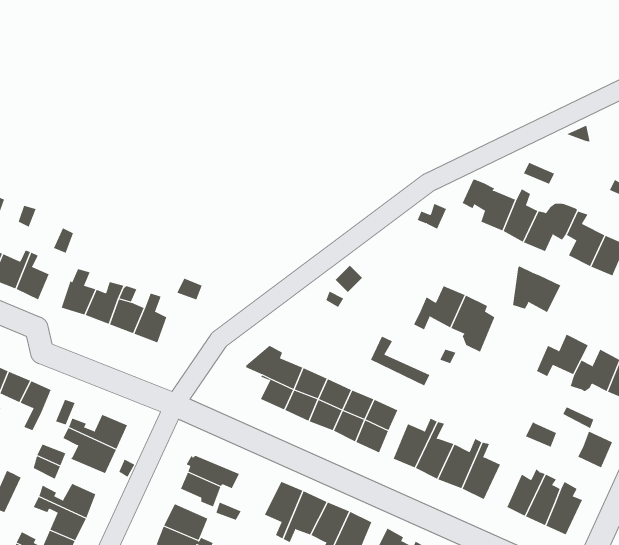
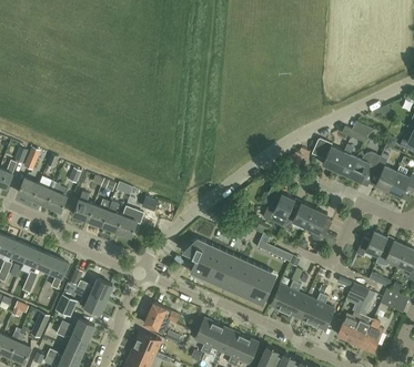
building: [513,265,561,313] -> none
building: none -> [262,194,294,226]

